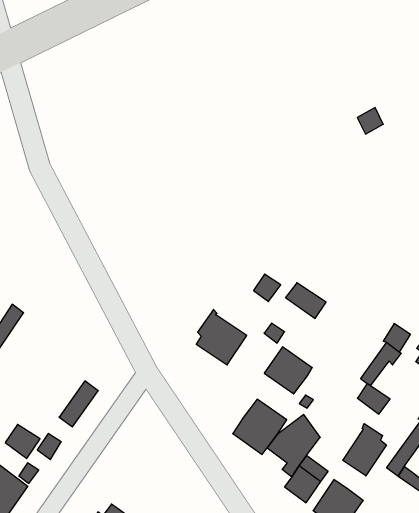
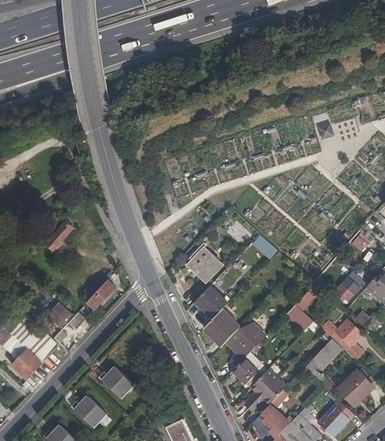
building: [264,347,312,394] -> [193,287,226,320]
building: [343,424,386,476] -> none

